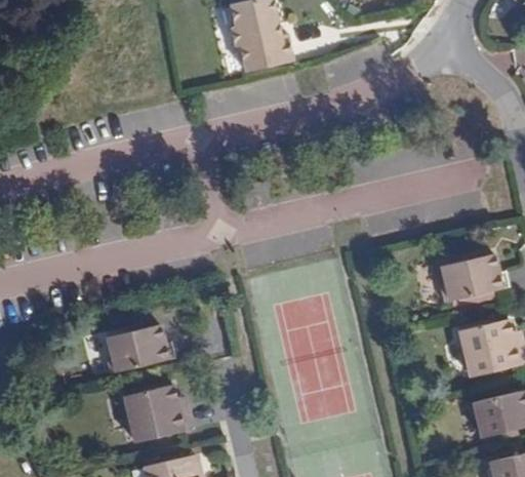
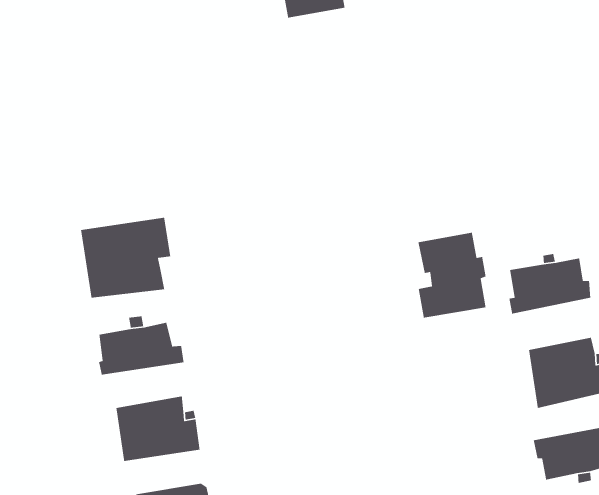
building: none -> [418,232,487,319]
building: none -> [80,217,171,298]

